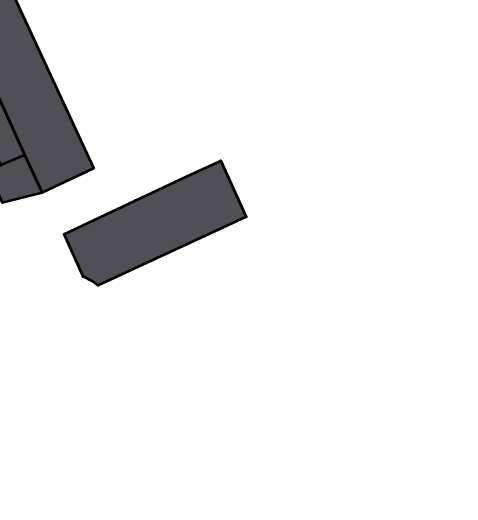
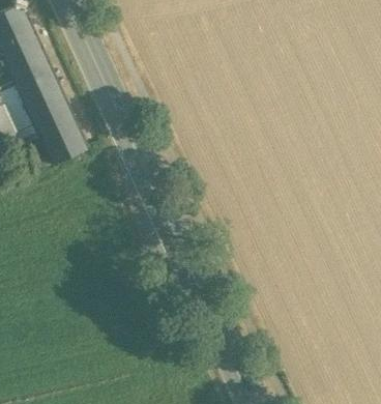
building: [64,161,246,285] -> none

